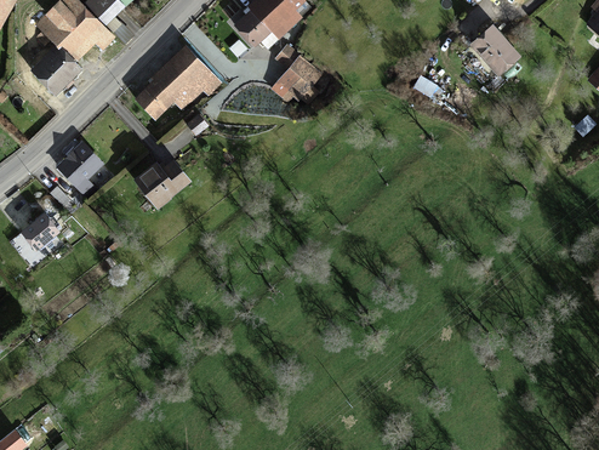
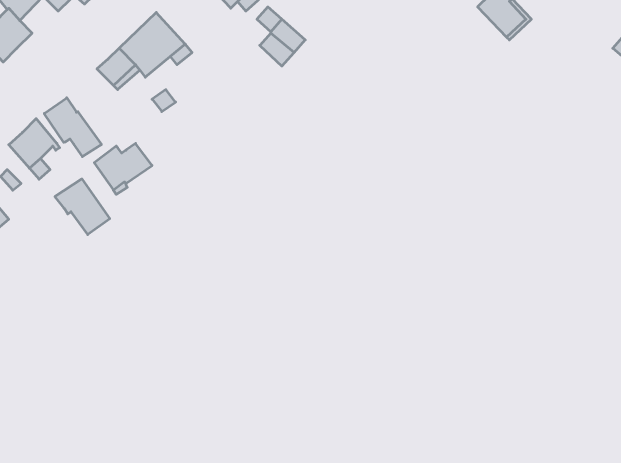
building: none -> [44,98,101,157]
building: none -> [55,179,110,235]

